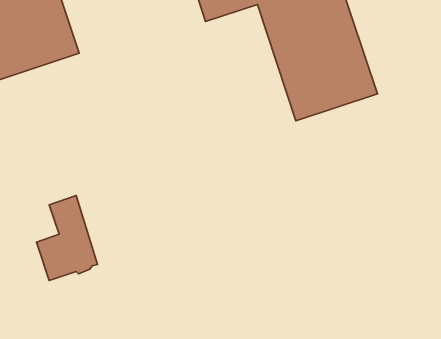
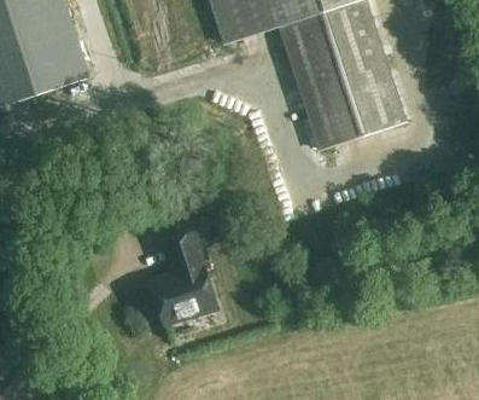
building: [37,196,98,280] -> [151,232,216,323]

